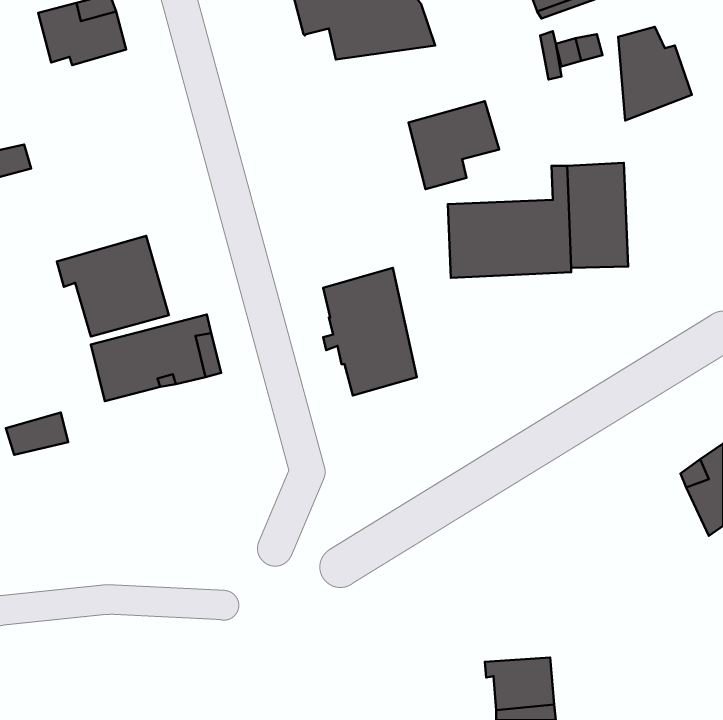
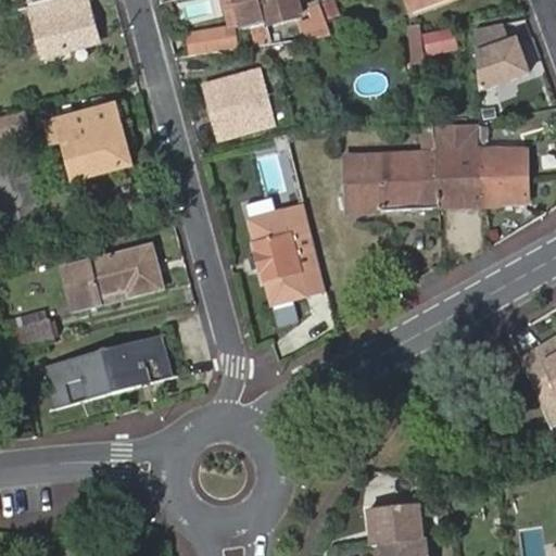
building: none -> [187,26,238,55]
building: [408,101,499,189] -> [207,70,277,137]
building: none -> [478,125,526,204]
building: [57,236,169,337] -> [47,102,132,179]
building: none -> [36,328,182,408]

